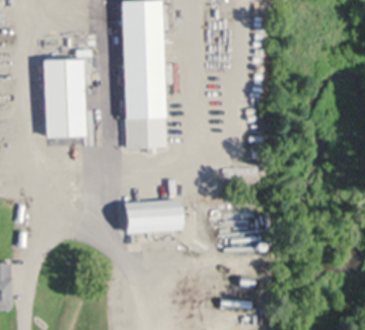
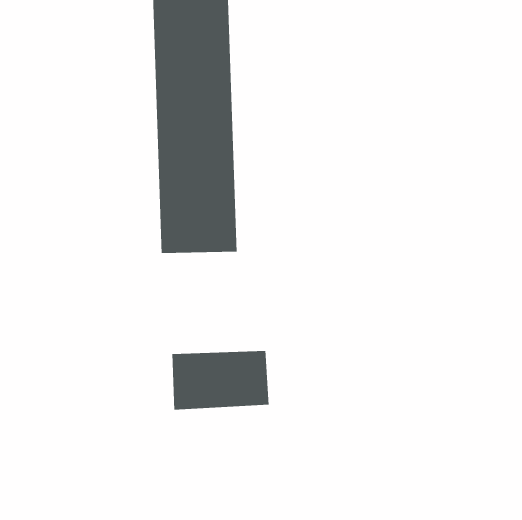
building: [42,57,86,136] -> none

